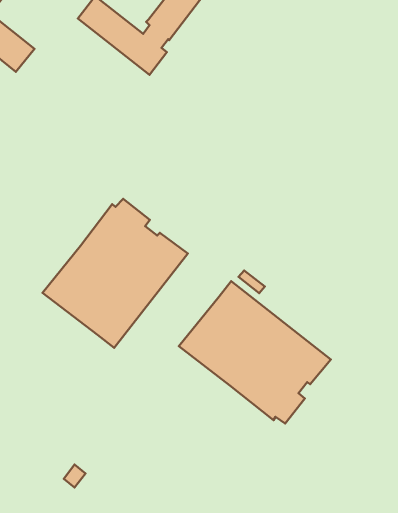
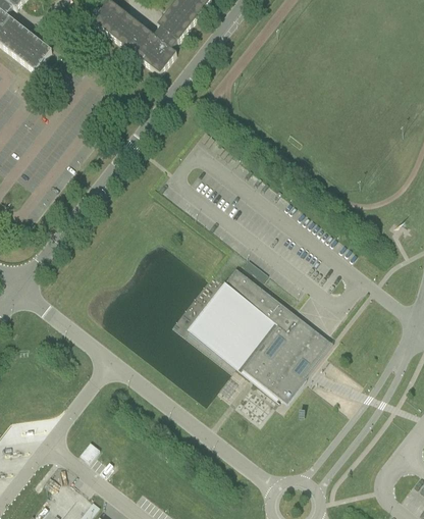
building: [43,199,188,348] -> none

